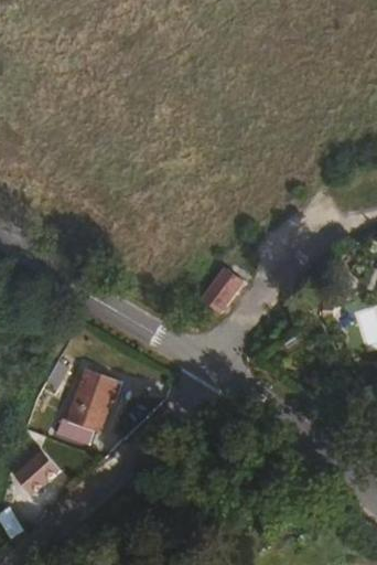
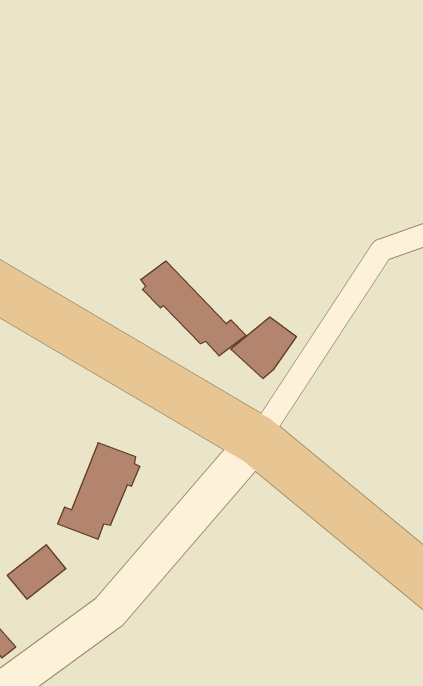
building: none -> [141,261,246,356]

